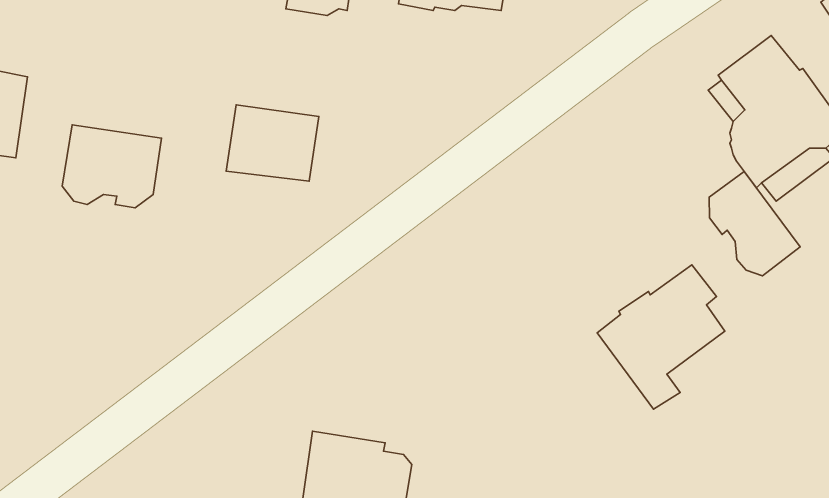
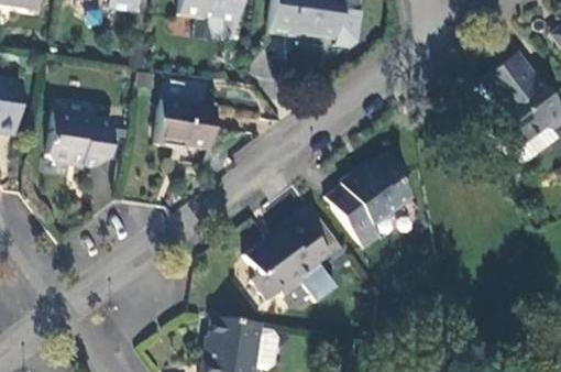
building: [709,171,800,276] -> none
building: [597,265,725,409] -> [328,151,413,247]
building: none -> [245,215,329,299]

